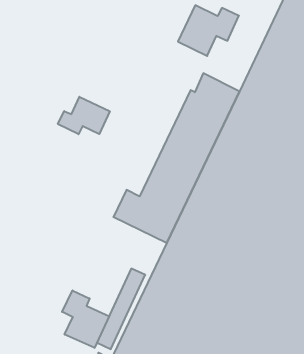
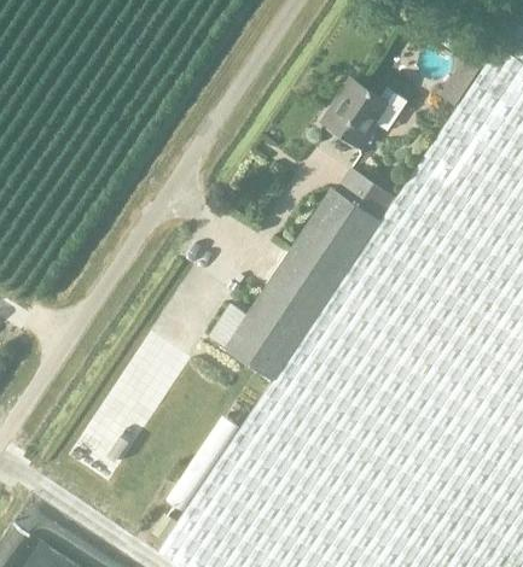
building: [58,97,110,134] -> none
building: [62,290,109,348] -> none

